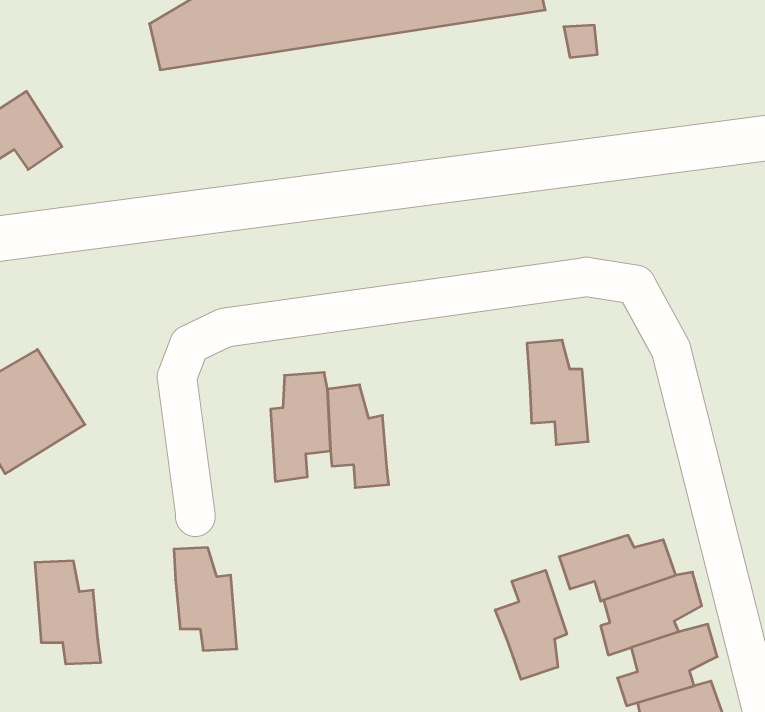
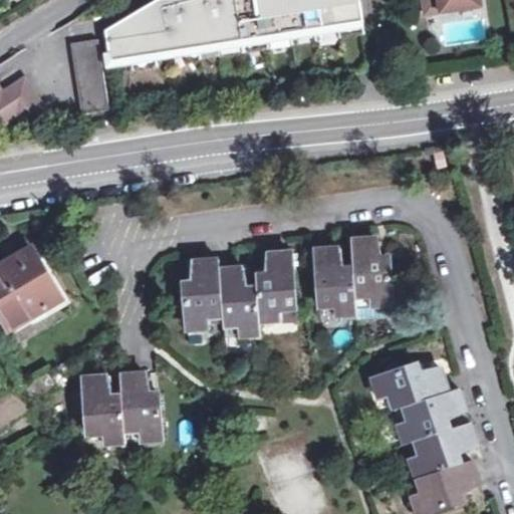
building: none -> [67,39,105,112]
building: none -> [313,249,354,317]
building: none -> [255,253,293,324]
building: [35,561,101,664] -> [81,376,124,444]
building: [495,570,567,679] -> none

